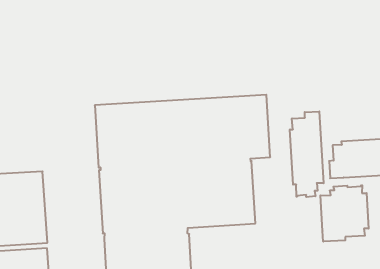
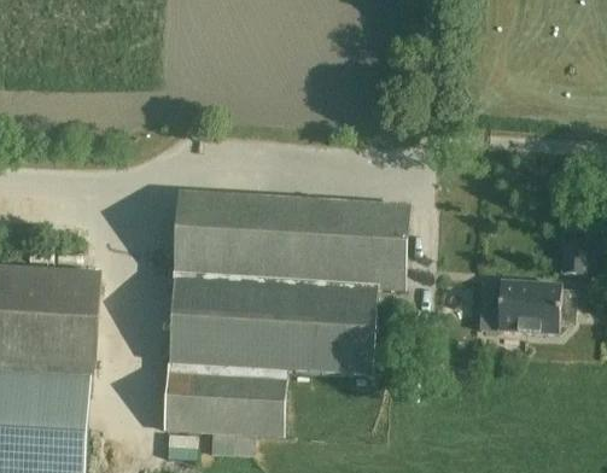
building: [290,111,324,197] -> none
building: [320,185,369,242] -> none

